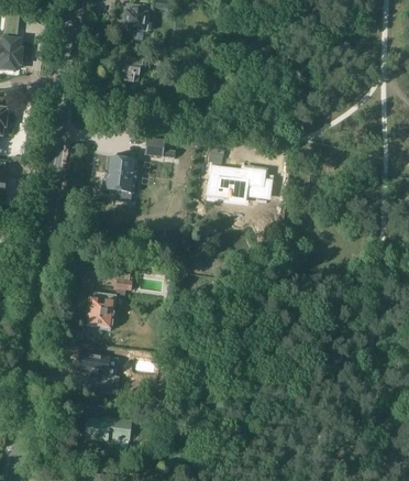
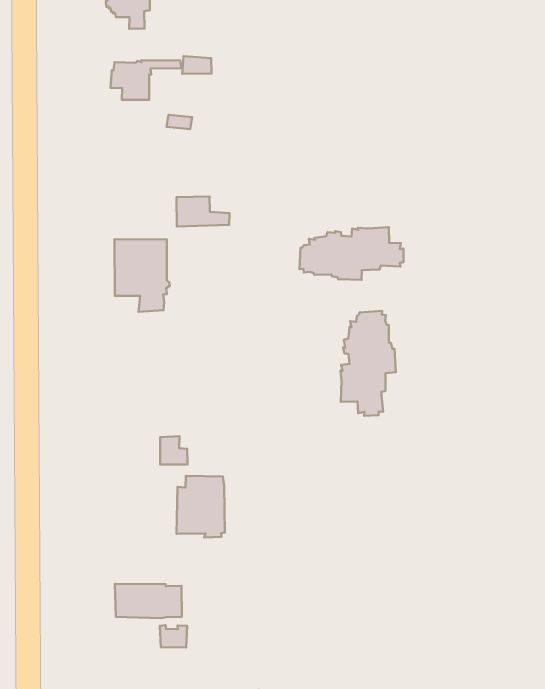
building: none -> [340,311,396,416]
building: [85,292,115,329] -> [176,476,225,538]

